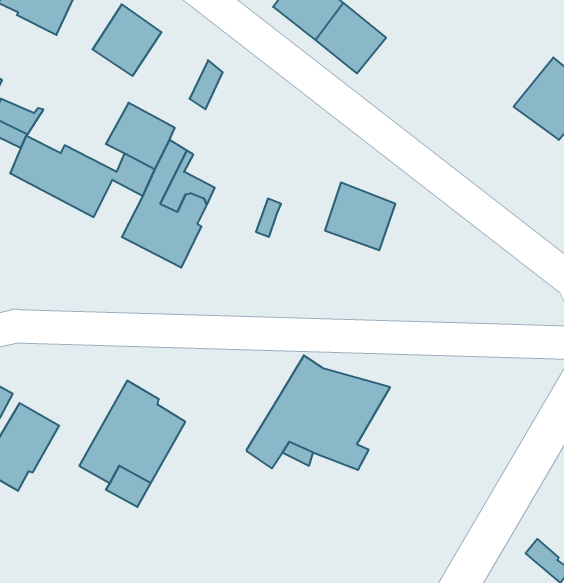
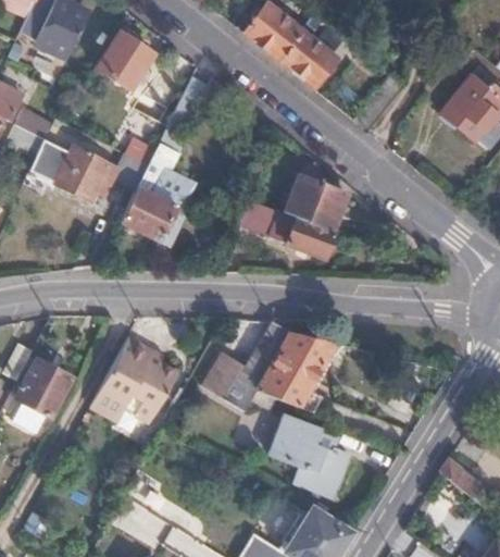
building: none -> [242,202,335,259]
building: none -> [201,348,245,395]
building: none -> [270,414,352,496]

